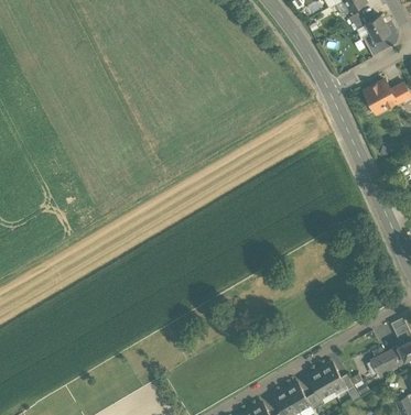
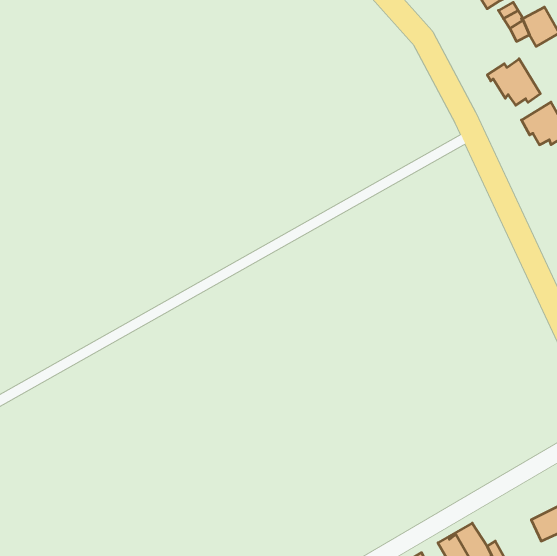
building: none -> [487,59,540,105]

